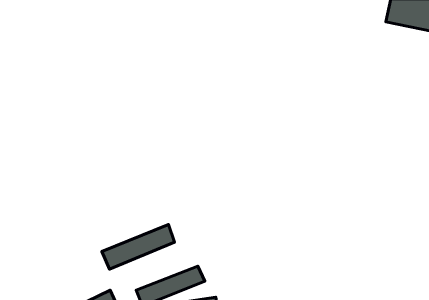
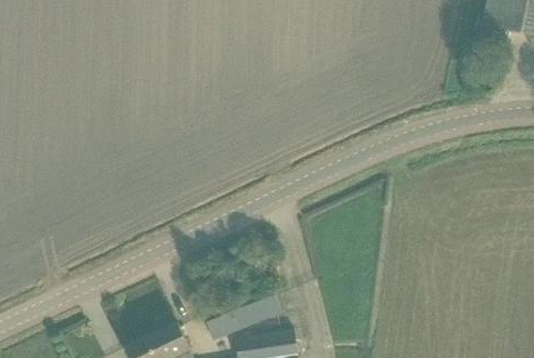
building: [102,225,175,269] -> none

